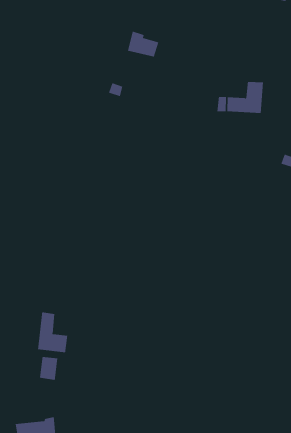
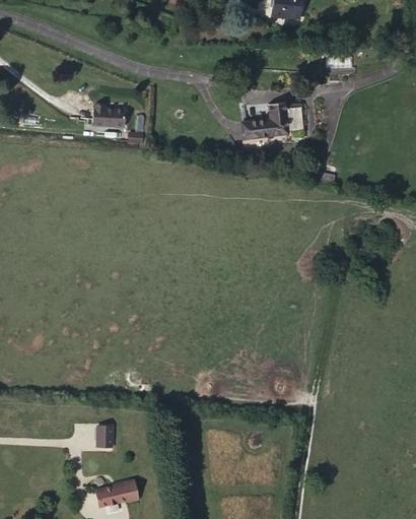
building: [127,31,159,57] -> [89,99,121,122]
building: [38,312,68,353] -> none

